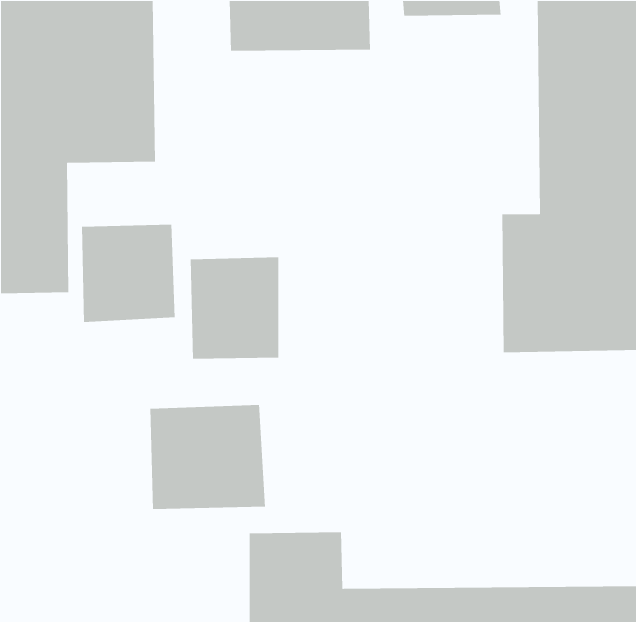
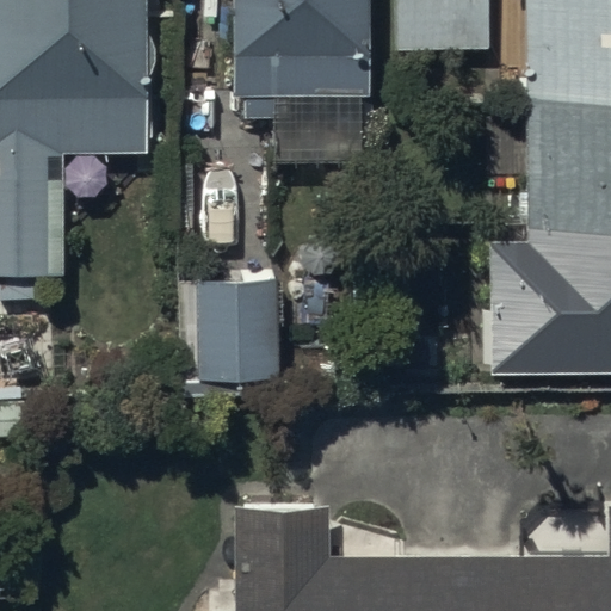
building: [81,224,175,323] -> none
building: [150,404,266,510] -> none

